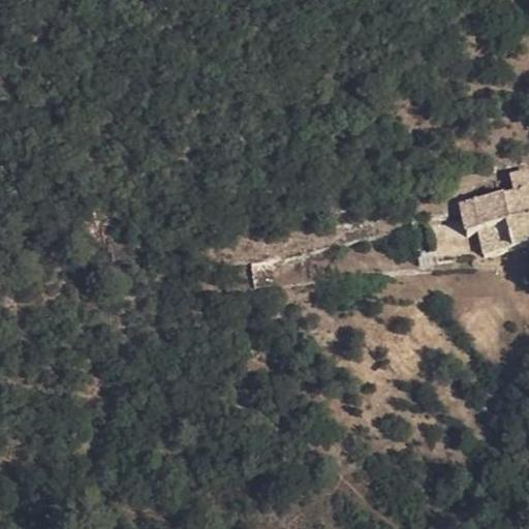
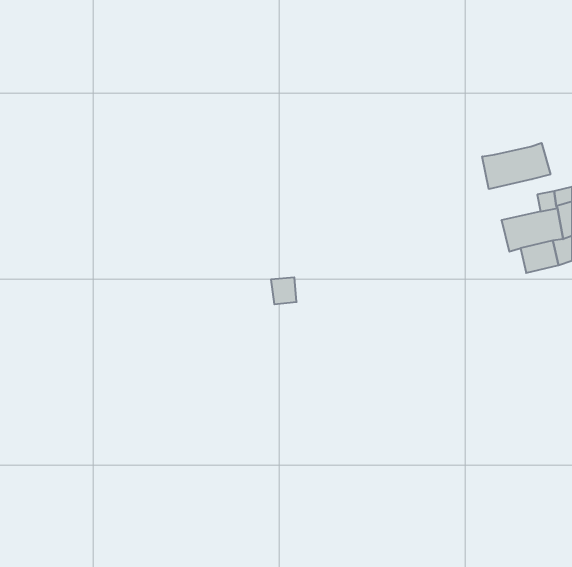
building: none -> [482,143,550,189]

